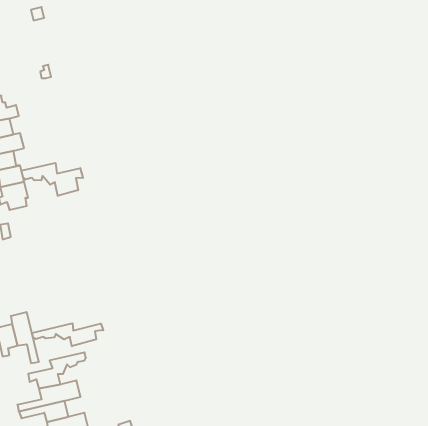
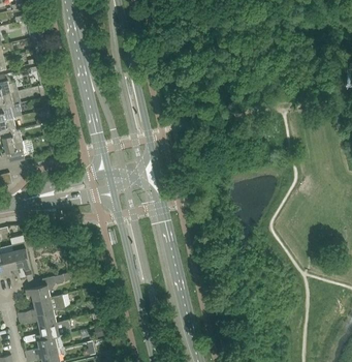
building: [22,163,83,196] -> none
building: [32,323,103,346] -> none

